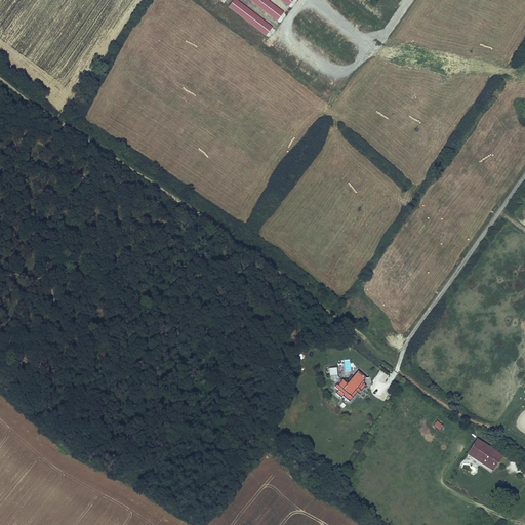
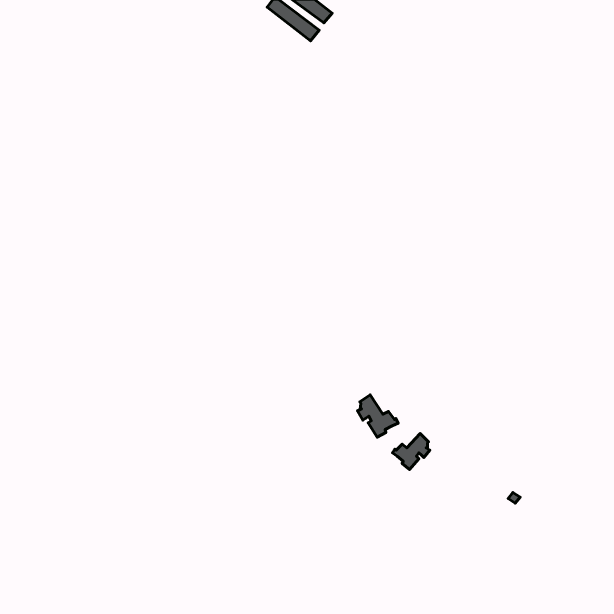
building: none -> [357,395,398,437]
building: [467,437,503,470] -> none

